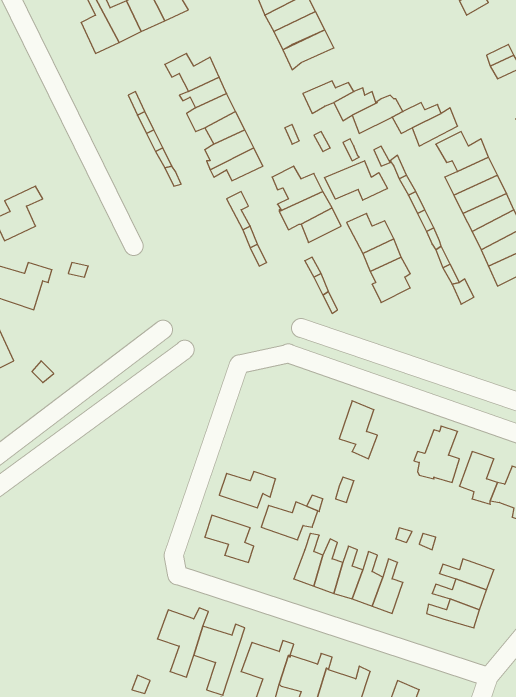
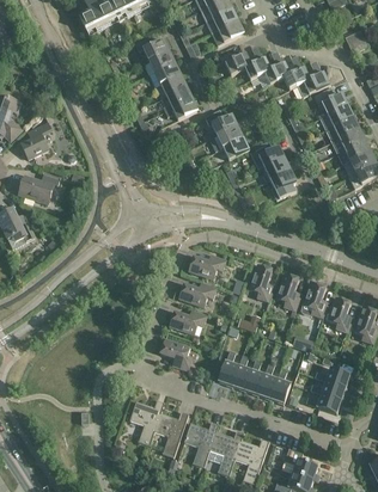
building: [324,161,387,200] -> none
building: none -> [189,254,226,279]
building: none -> [275,273,300,312]
building: [261,502,318,540] -> [179,282,217,307]

